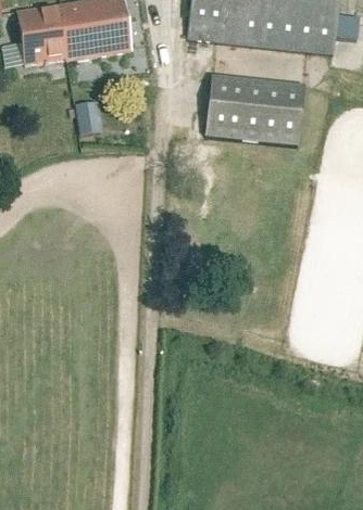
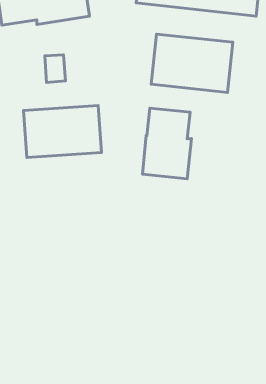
building: none -> [23,105,101,157]
building: none -> [142,108,191,179]

